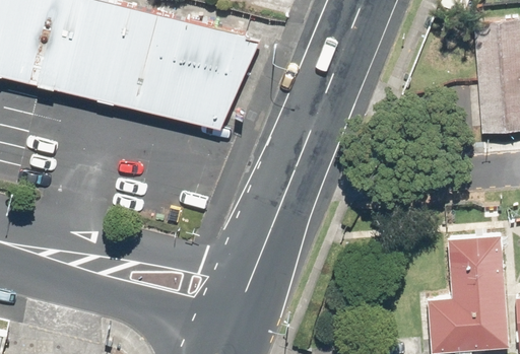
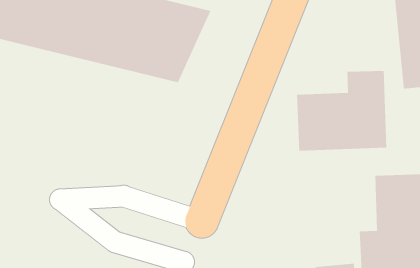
building: none -> [296,70,387,151]

